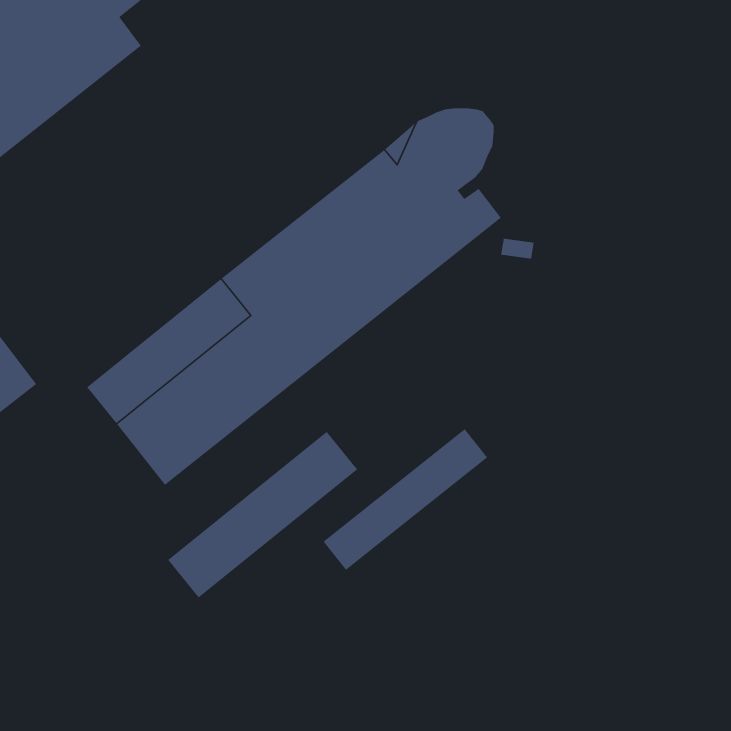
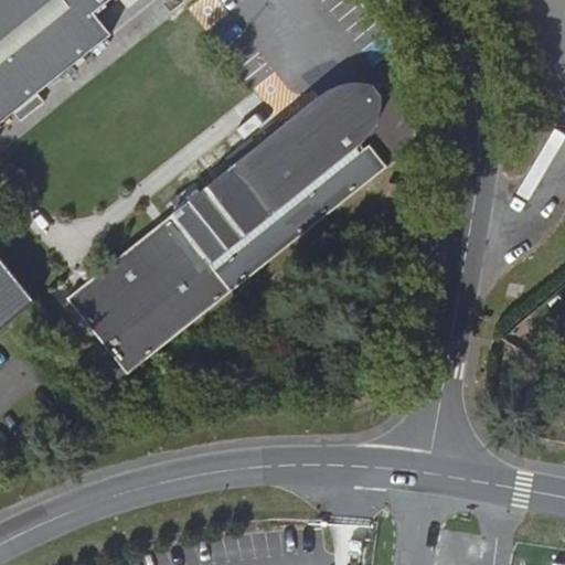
building: [322,428,488,571] -> none
building: [167,431,358,598] -> none

